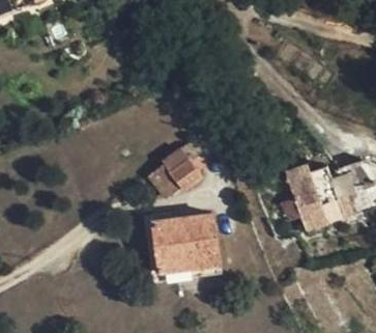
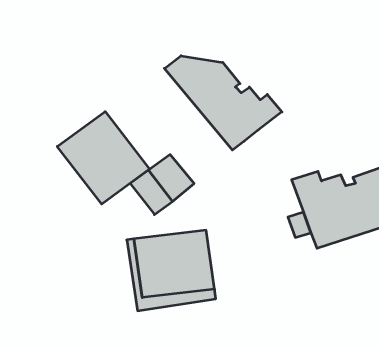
building: none -> [164,56,282,150]
building: none -> [57,112,150,204]

